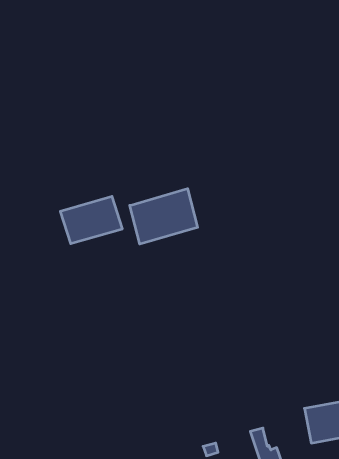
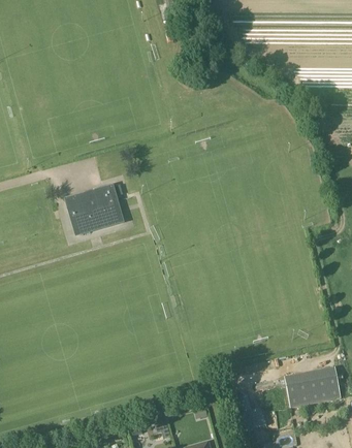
building: [130,189,198,244] -> none

